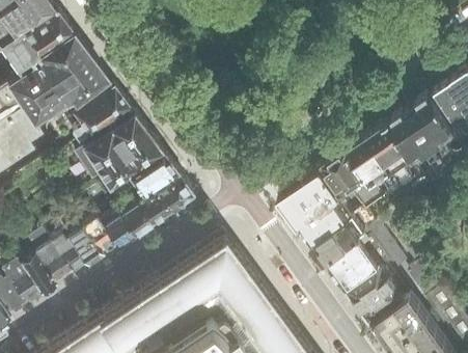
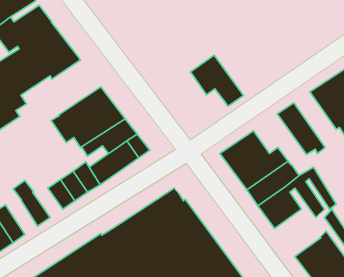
building: [71,86,131,146] -> none
building: [371,123,425,191] -> none
building: [322,150,387,212] -> [191,55,244,106]
building: [50,236,87,277] -> none
building: [348,241,411,325] -> none
building: [20,255,56,298] -> none

